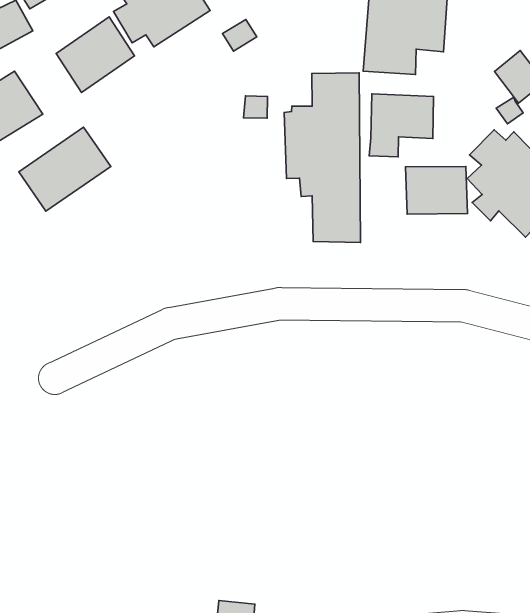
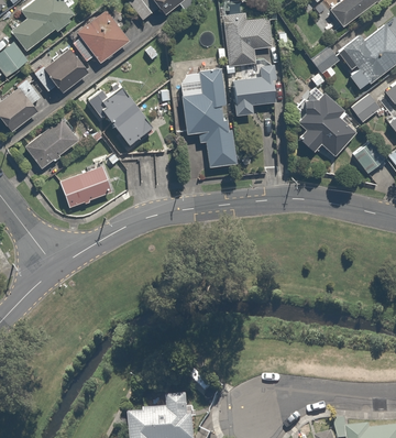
building: none -> [87,77,156,151]
building: [406,166,468,214] -> none
building: none -> [56,164,111,209]

